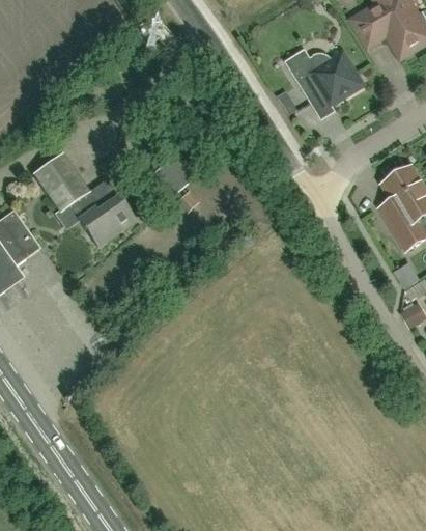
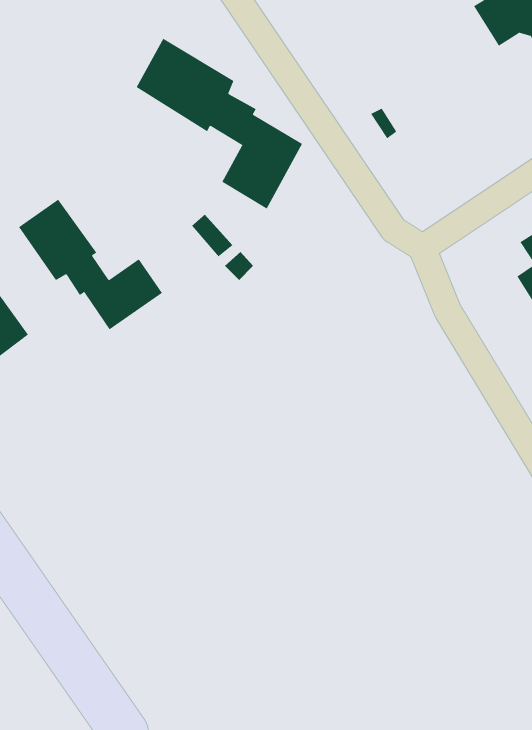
building: none -> [136,38,303,210]
building: [283,48,362,103] -> none

